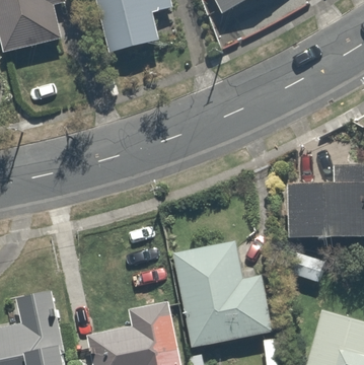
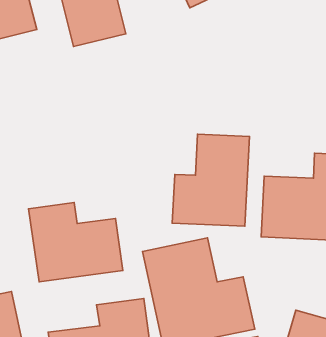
building: none -> [172,134,249,226]
building: none -> [28,203,123,282]

